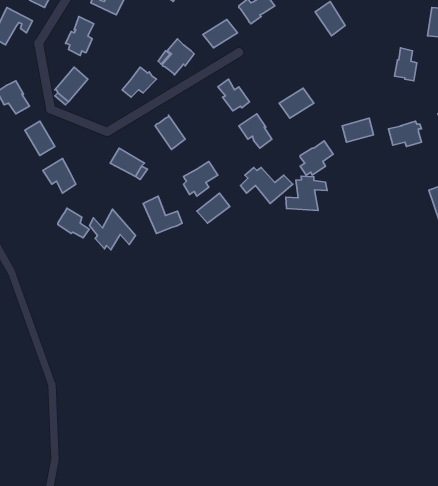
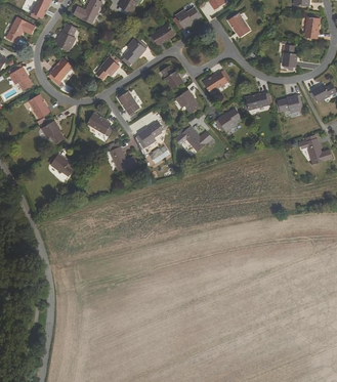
building: [286,176,327,211] -> none
building: [90,209,135,250] -> none

